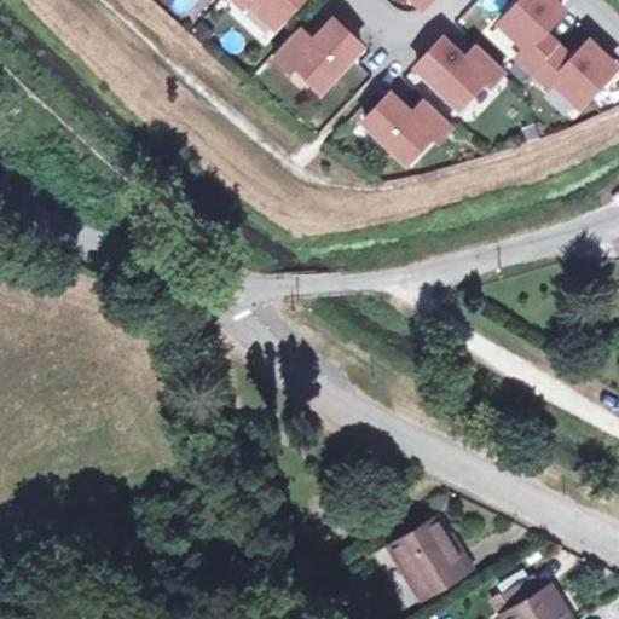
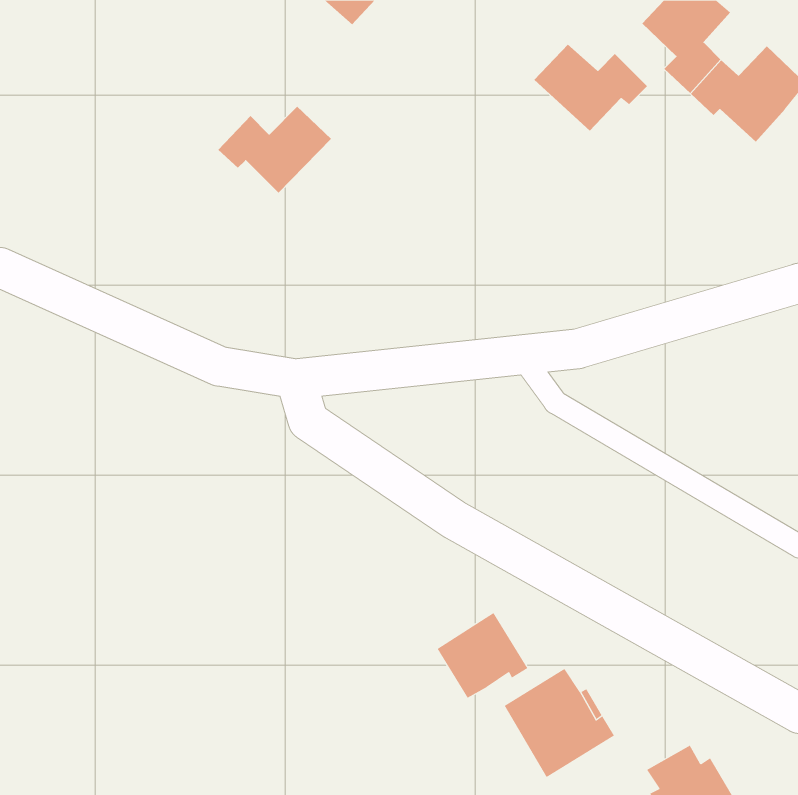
building: [271,18,359,86] -> [218,106,332,194]
building: [361,93,450,160] -> none
building: none -> [437,612,528,699]

